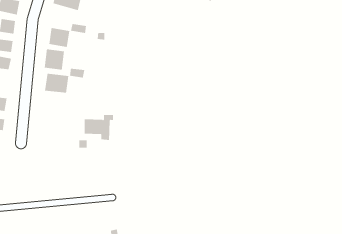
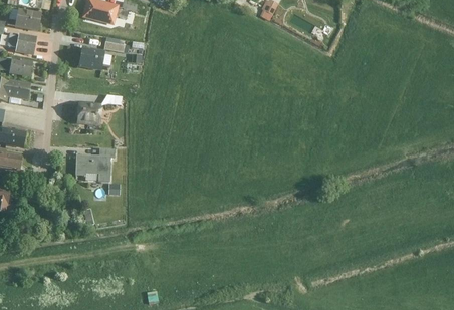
building: [44,49,64,71] -> none
building: [84,115,114,140] -> [75,150,111,182]

